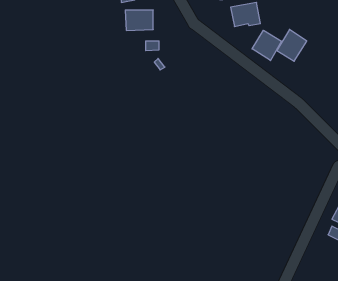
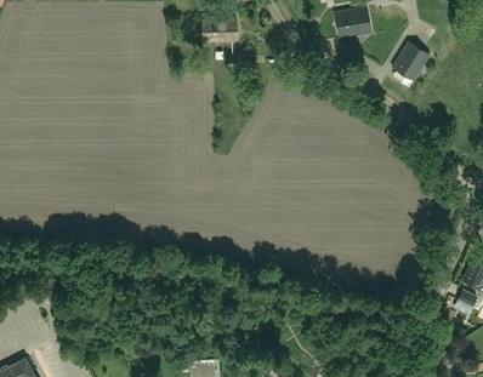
building: [252,30,281,61] -> none

